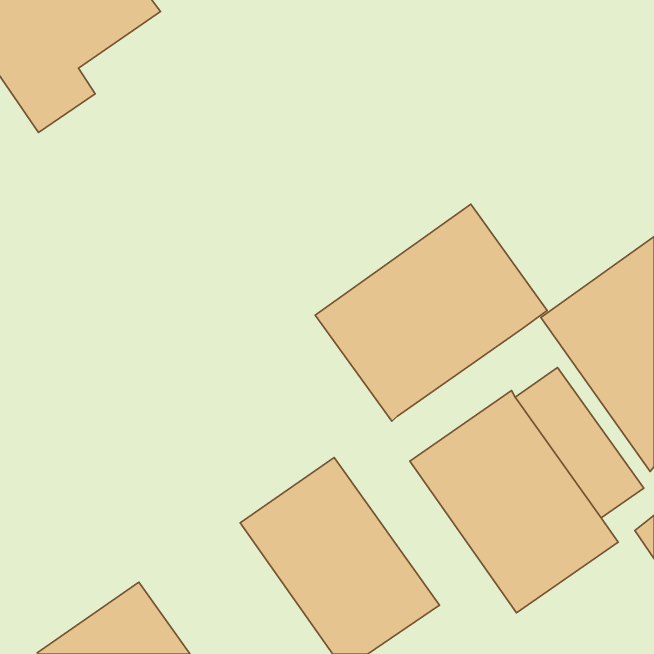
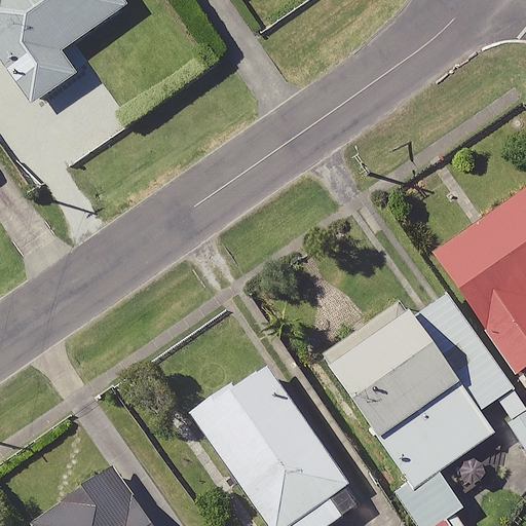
building: [315,204,547,421] -> none

